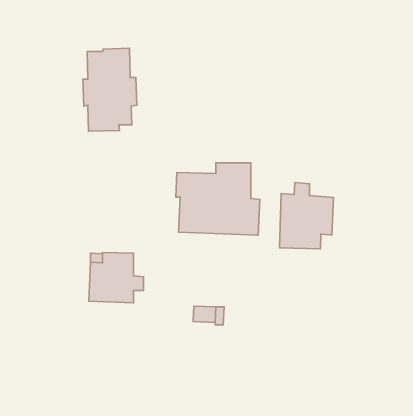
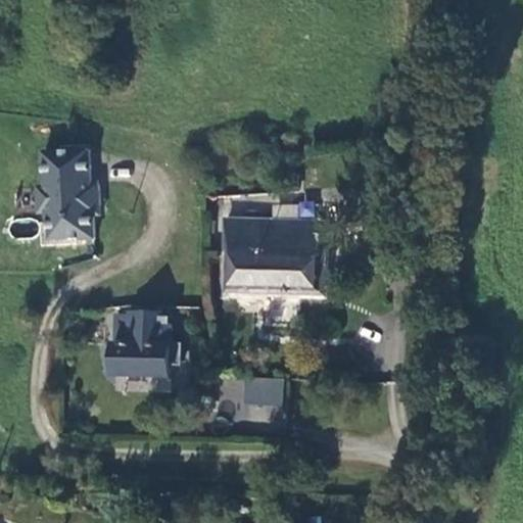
building: [83,48,137,131] -> [33,143,100,247]
building: [280,183,333,249] -> none

